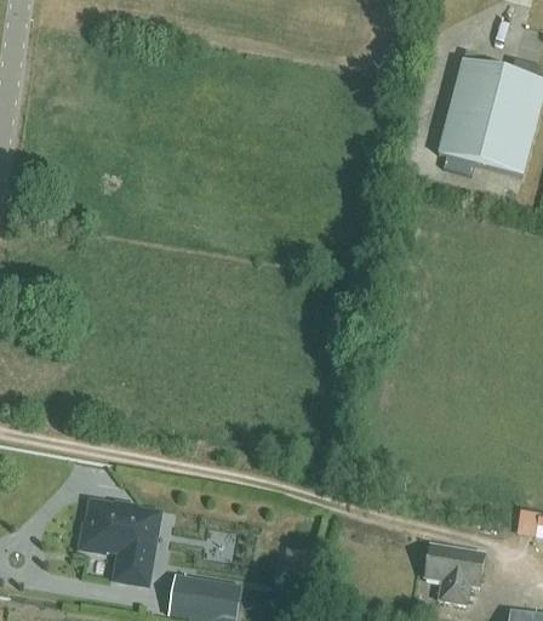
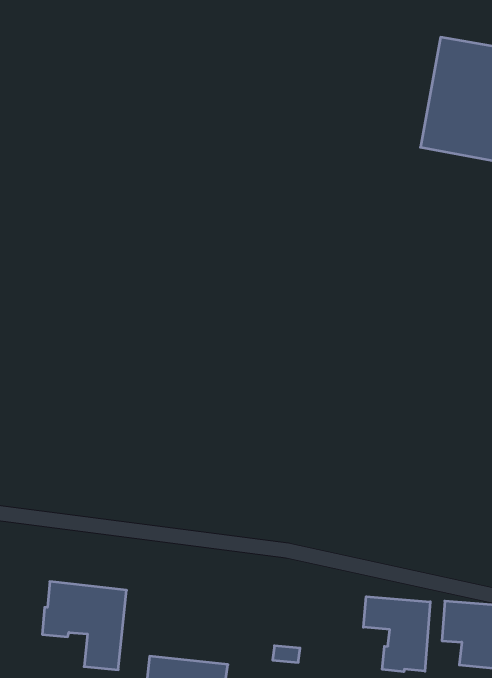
building: none -> [363,597,430,672]

